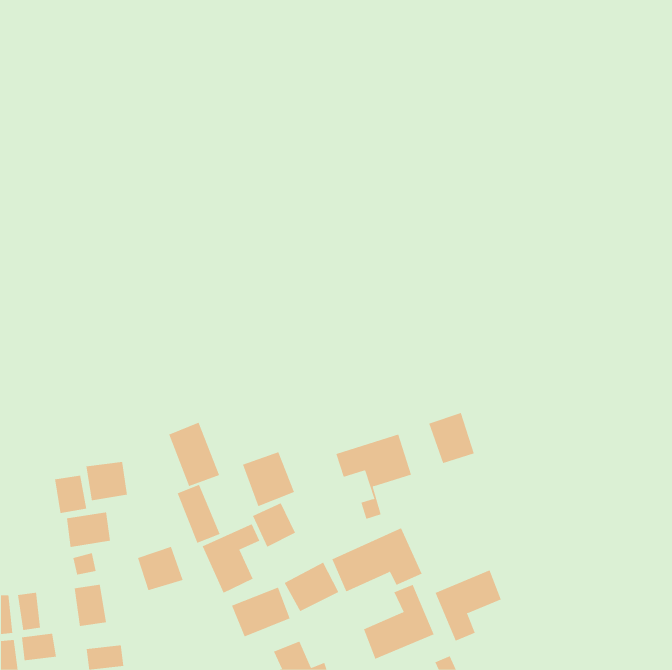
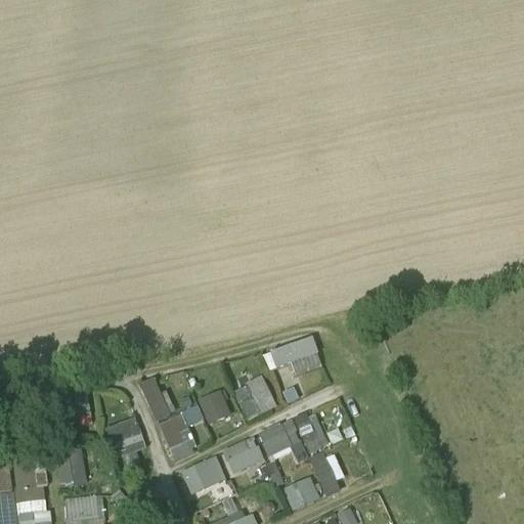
building: [428,412,475,464] -> none
building: [169,422,220,487] -> none
building: [242,451,295,507] -> [234,377,275,420]
building: [86,461,128,501] -> none
building: [54,475,87,514] -> none
building: [435,569,502,642] -> none

